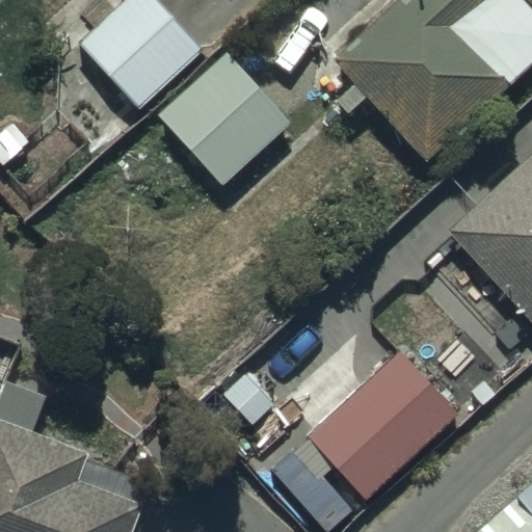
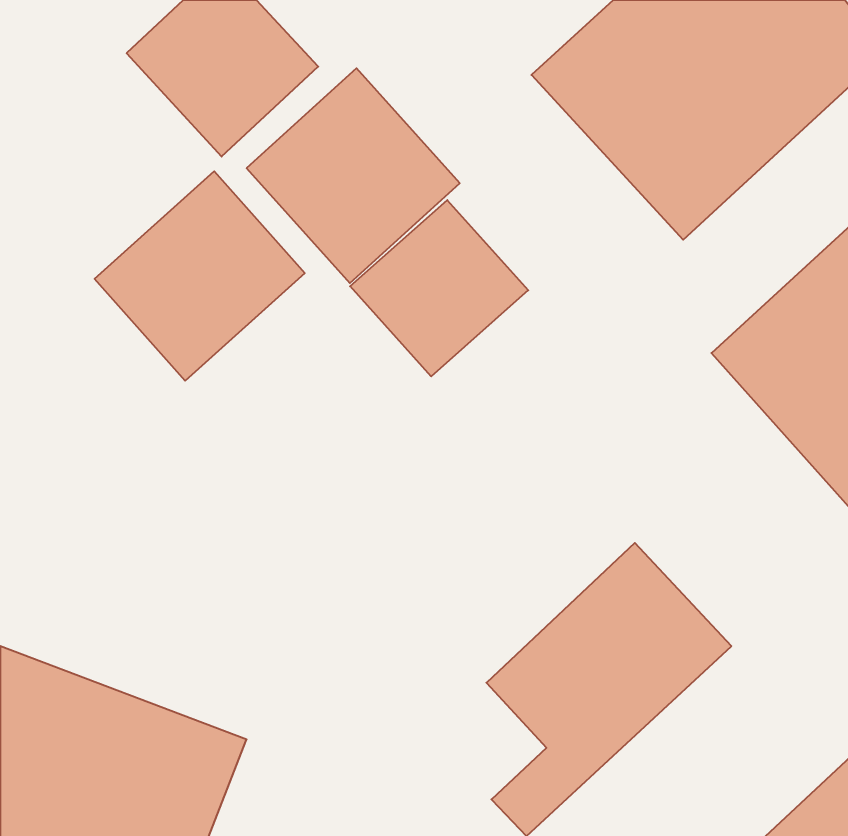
building: none -> [95,171,305,381]
building: none -> [350,200,528,376]

